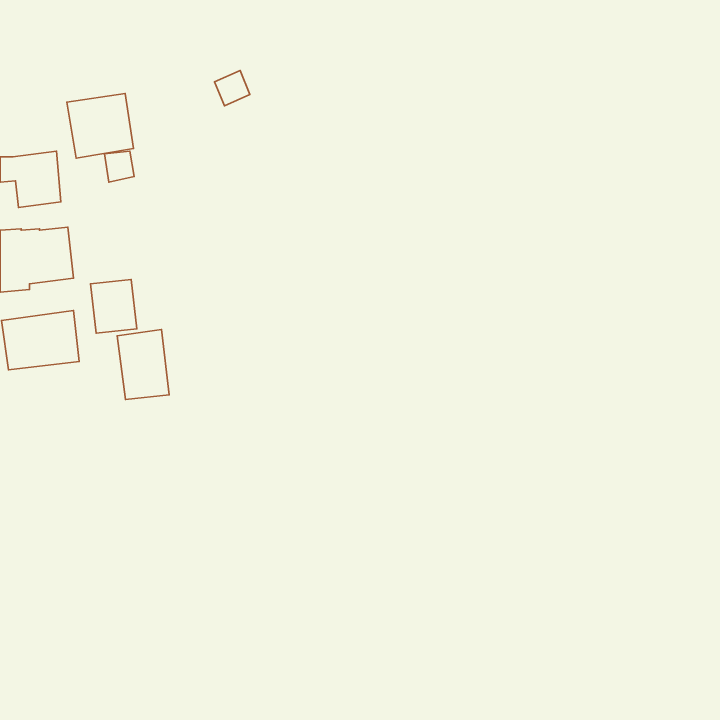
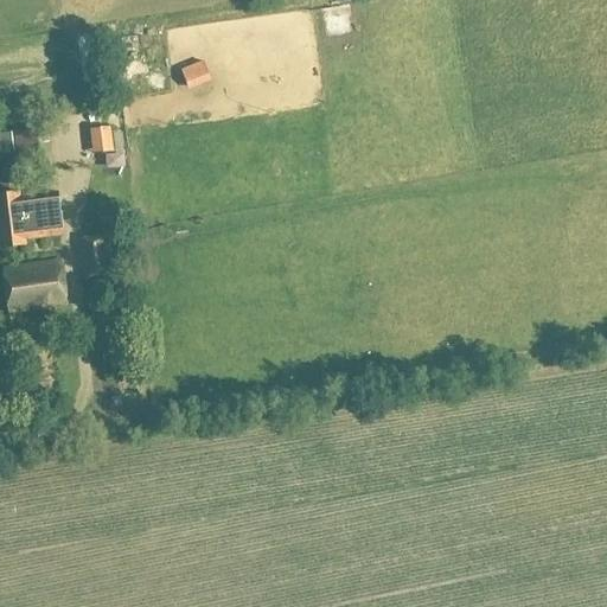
building: [67,93,133,158] -> none
building: [117,329,169,399] -> none

